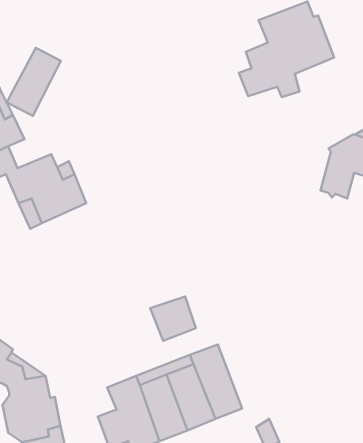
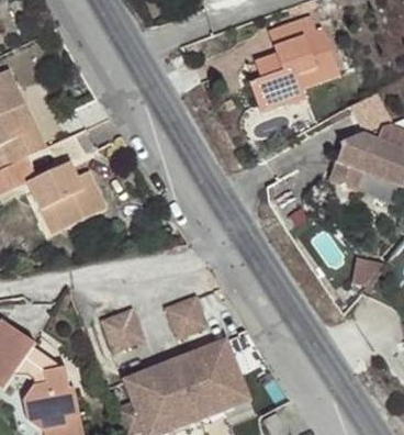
building: [7,48,61,116] -> none
building: none -> [101,308,145,352]

